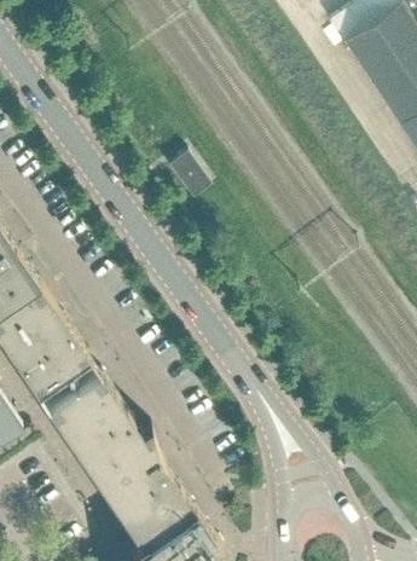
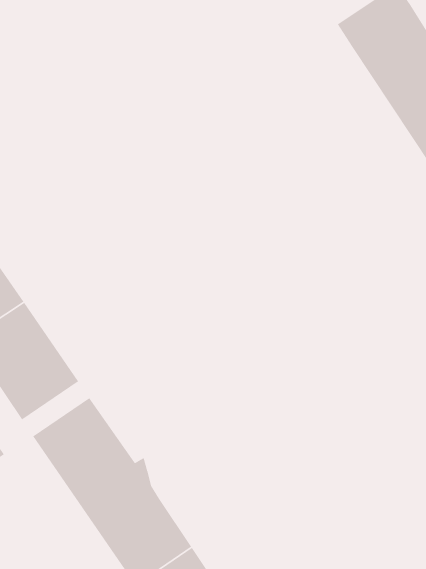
building: [168,154,210,199] -> none

